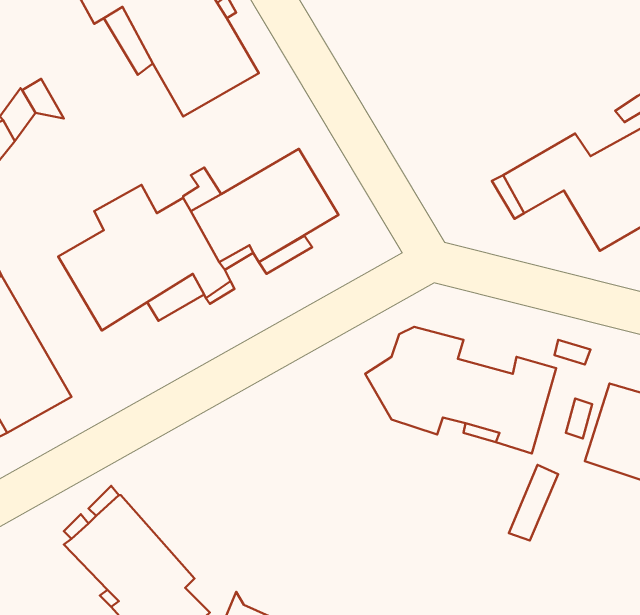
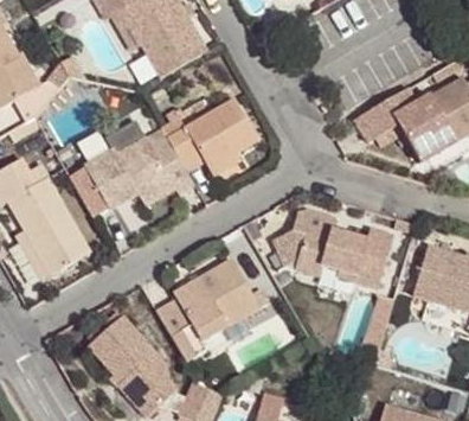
building: none -> [154,257,259,362]

